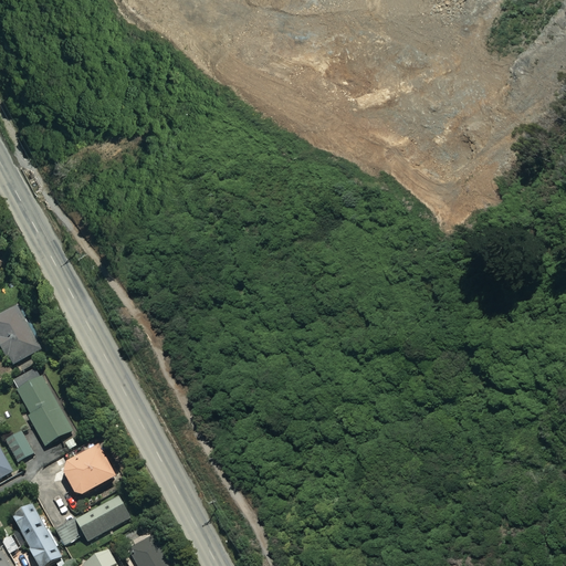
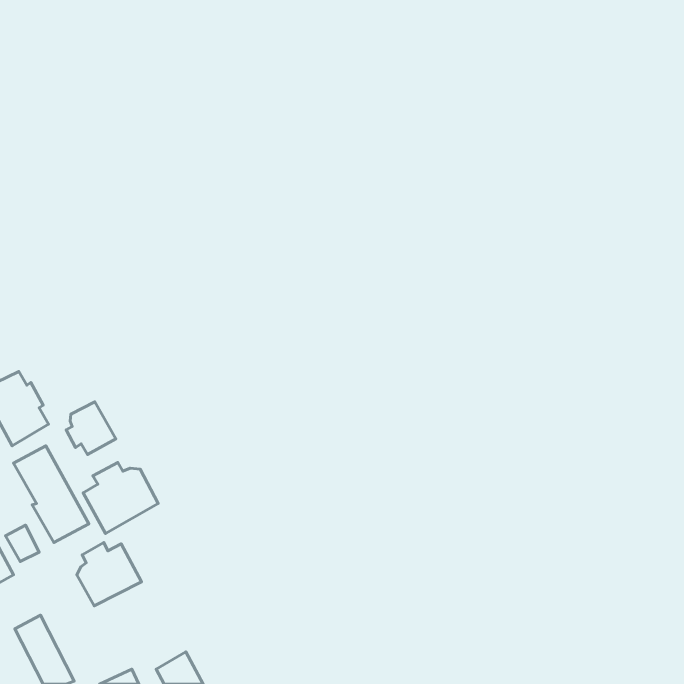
building: none -> [66,402,116,454]
building: none -> [83,463,158,533]
building: [74,494,129,541] -> none

